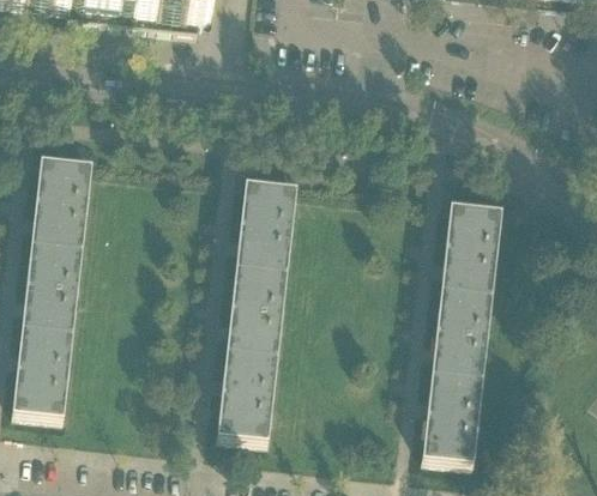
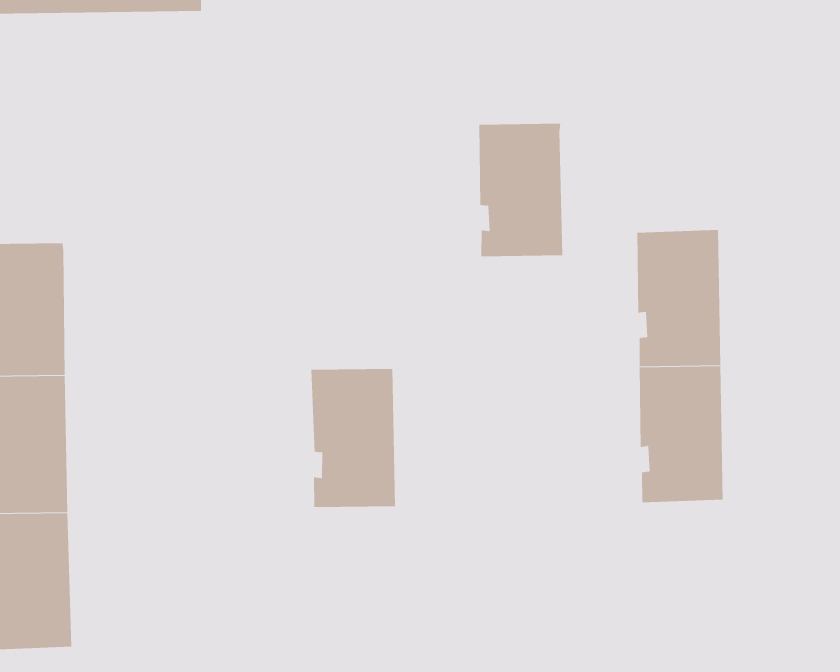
building: [235,180,296,268] -> [479,123,563,257]
building: [217,349,277,438] -> none
building: [421,373,482,461] -> none

